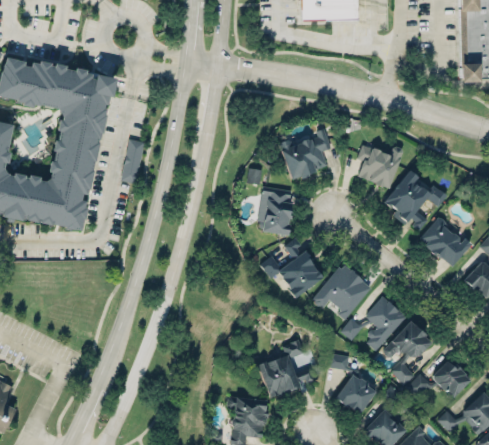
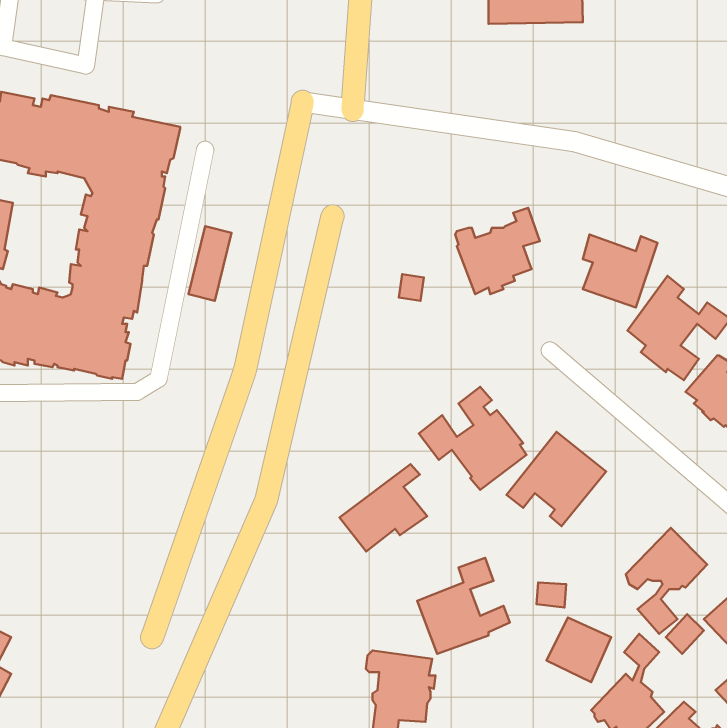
building: [262,186,292,234] -> none
building: none -> [340,464,427,552]
building: [341,296,405,349] -> none

